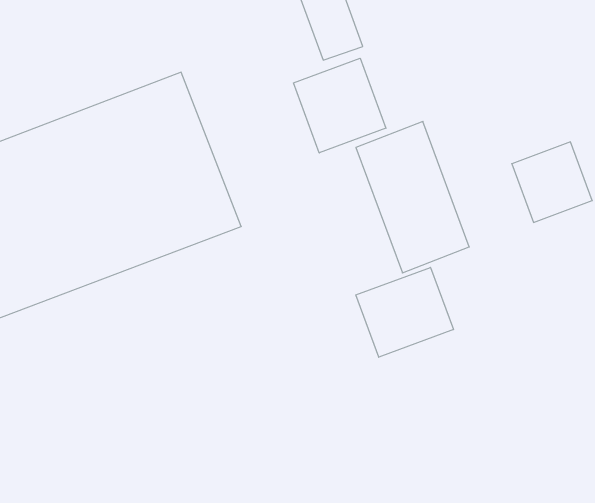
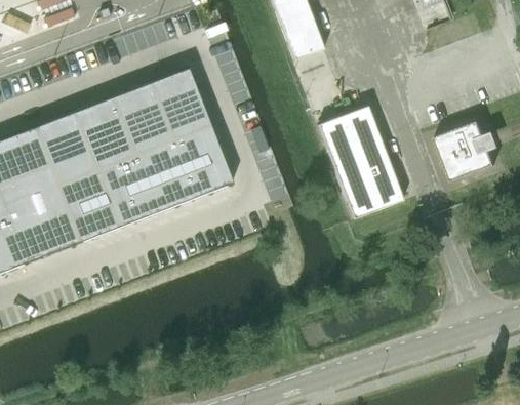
building: [293,58,386,153] -> none
building: [356,267,453,357] -> none

